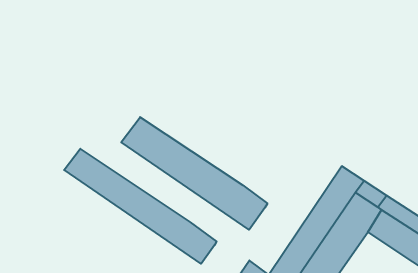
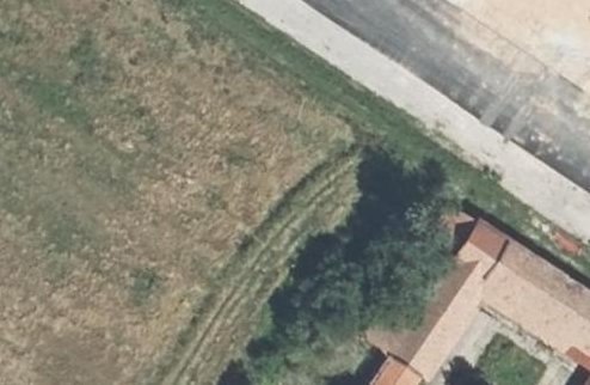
building: [121,117,267,230] -> none
building: [64,149,217,264] -> none

